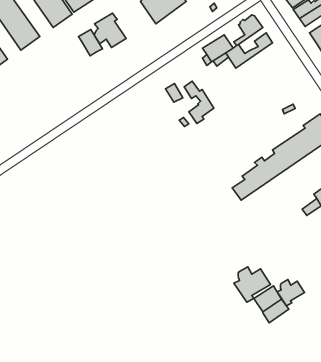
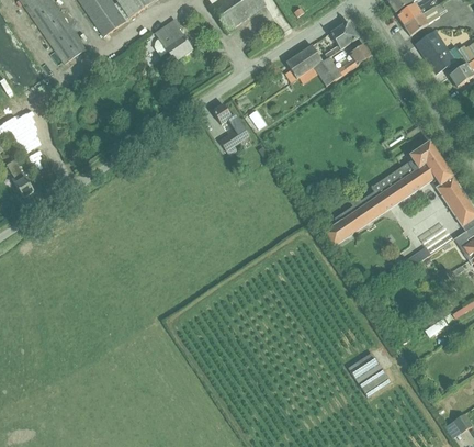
building: [78,29,103,56] -> none
building: [184,81,214,124] -> [213,103,249,155]
building: [234,267,271,302] -> none
building: [277,280,305,306] -> none

